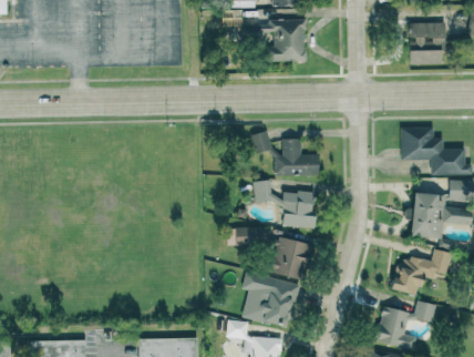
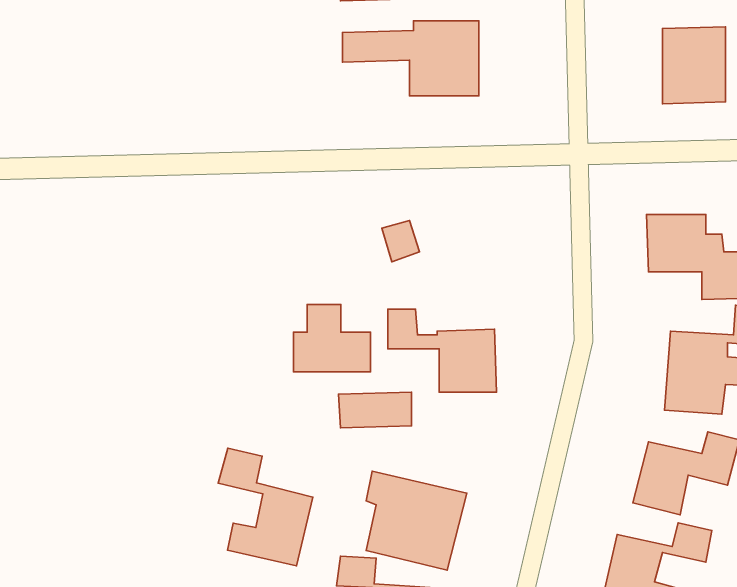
building: [275,139,318,176] -> [293,305,371,372]
building: [268,235,310,280] -> none
building: none -> [218,448,313,566]

